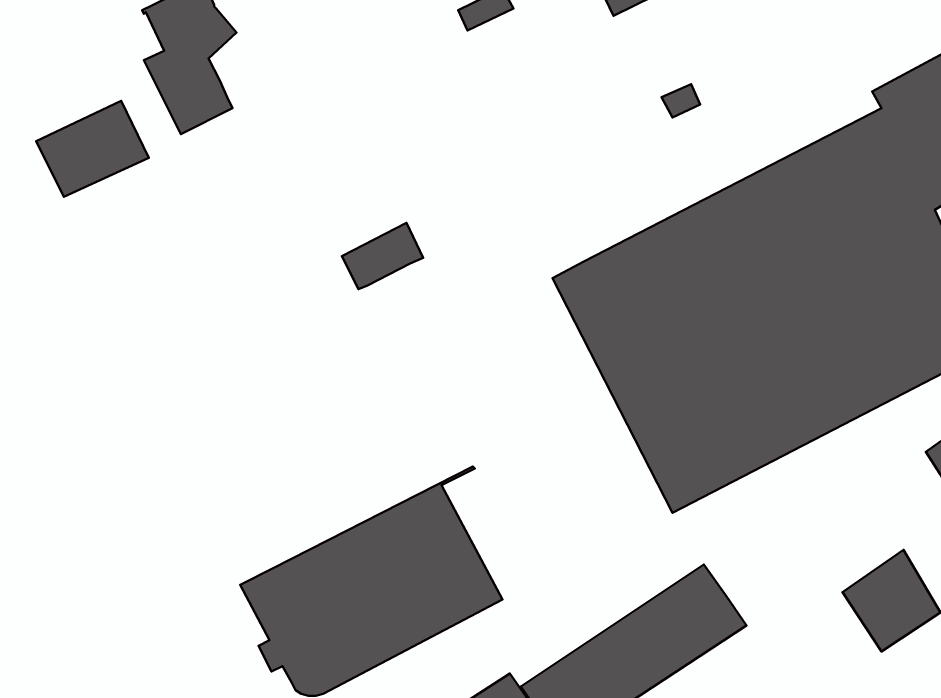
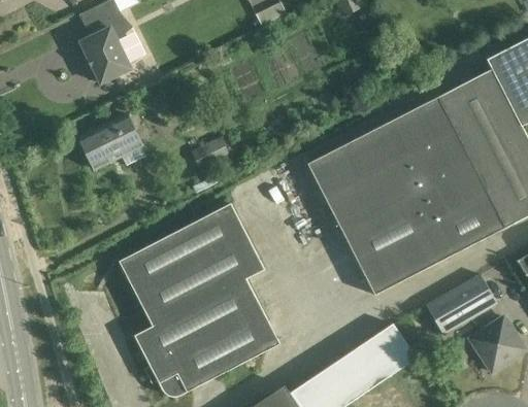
building: [36,101,149,197] -> [78,115,141,169]
building: none -> [120,203,264,326]
building: none -> [426,274,497,335]

